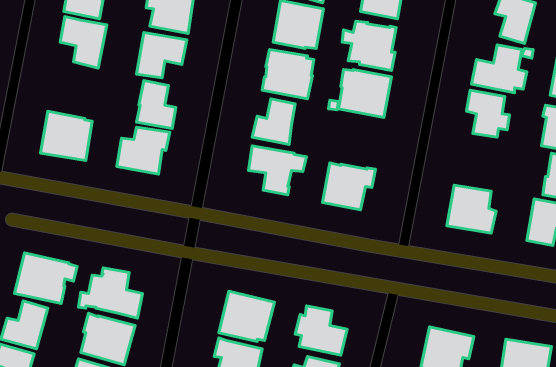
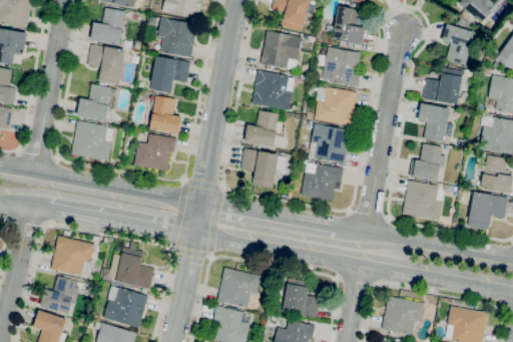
building: none -> [76,84,116,121]
building: none -> [308,123,350,163]
building: none -> [409,143,446,181]

